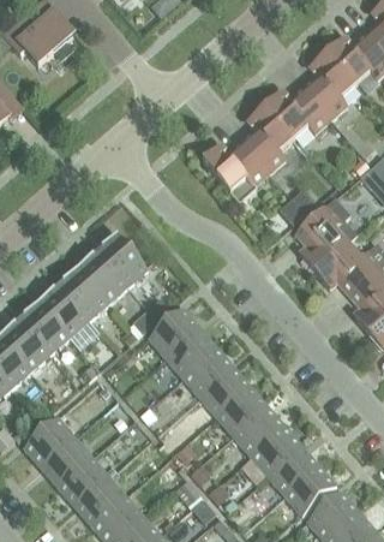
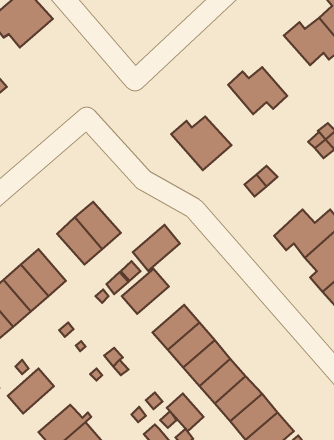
building: [301,52,354,118] -> none
building: [239,106,292,172] -> none
building: [294,197,355,272] -> none
building: [56,269,107,321] -> none
building: [164,327,216,377] -> [133,225,180,271]
building: [40,436,91,487] -> none
building: none -> [167,393,204,431]

